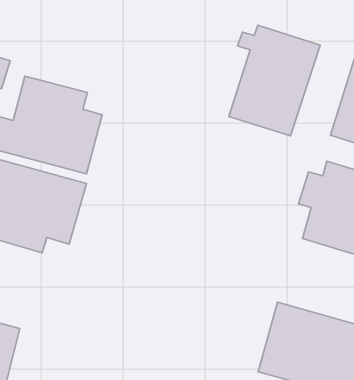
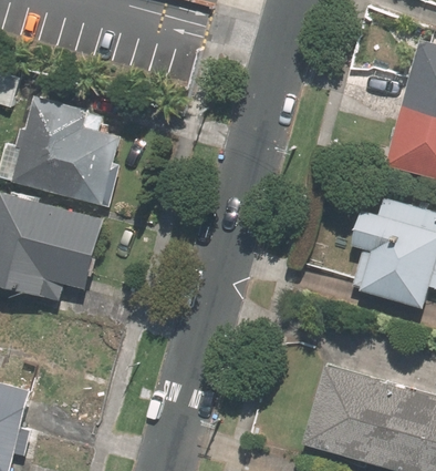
building: [229,25,320,136] -> none

